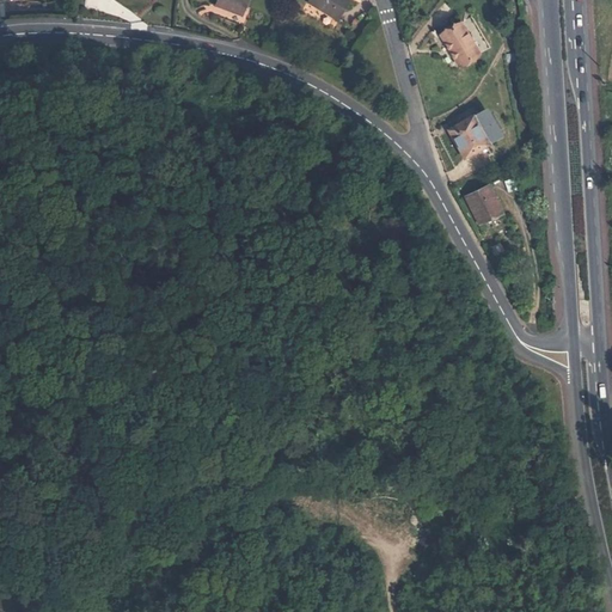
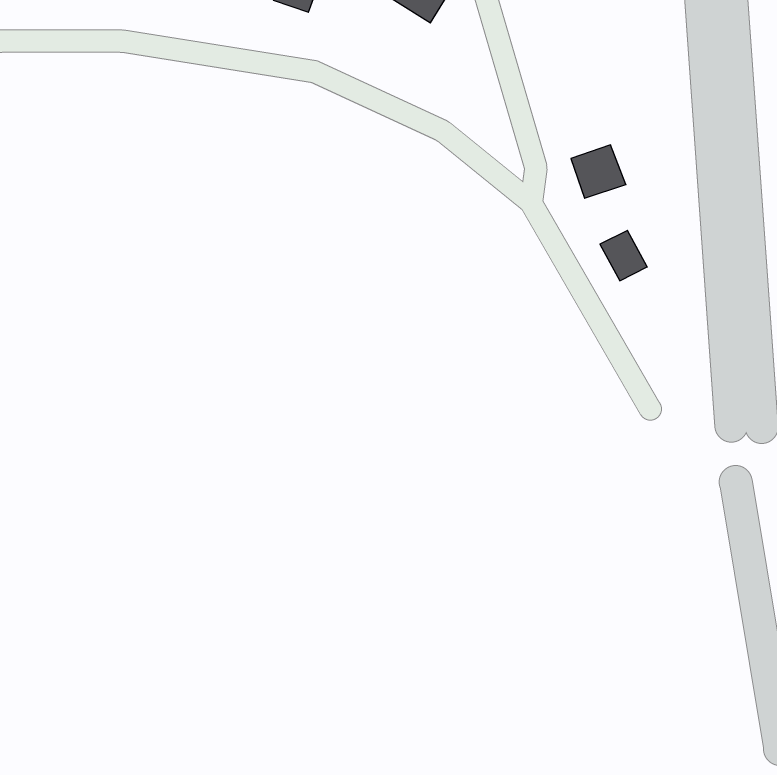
building: [443,27,478,69] -> none

